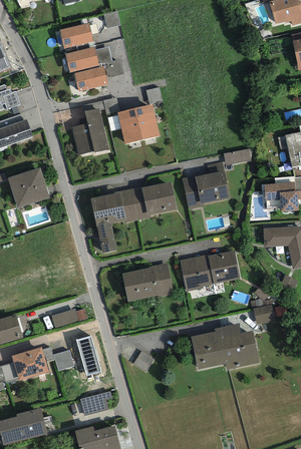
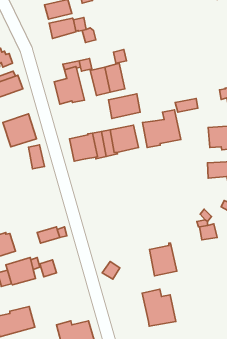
building: [73,65,107,90] -> none
building: none -> [109,94,140,118]
building: [96,222,116,253] -> [28,145,44,169]
building: [180,250,240,292] -> none
building: [121,263,173,302] -> none
building: [217,323,259,369] -> [142,289,176,326]
building: [76,335,100,375] -> none
building: [79,390,111,415] -> none

